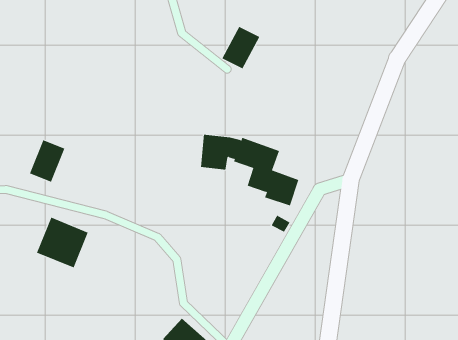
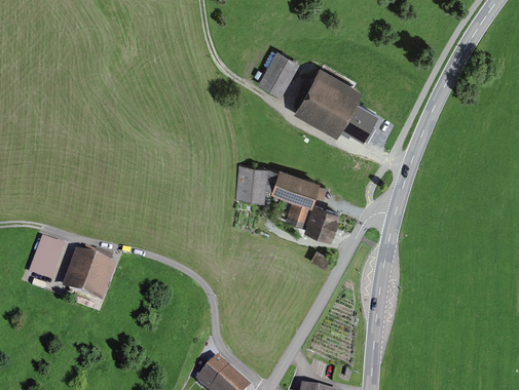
building: none -> [293,68,374,144]
building: [29,140,65,182] -> [28,236,66,281]

